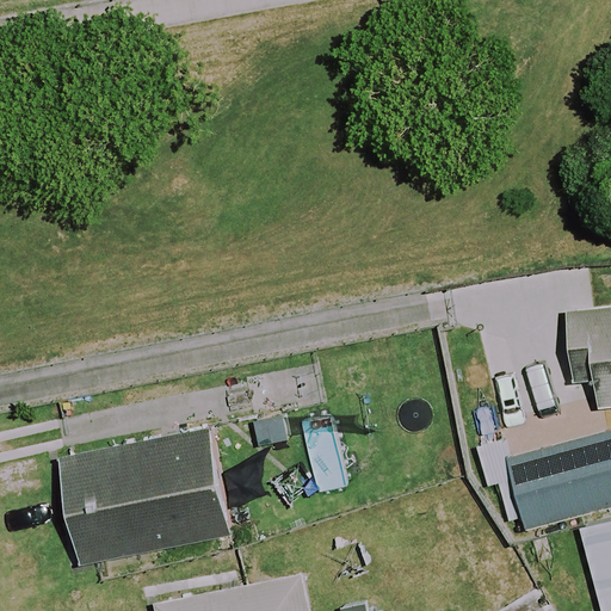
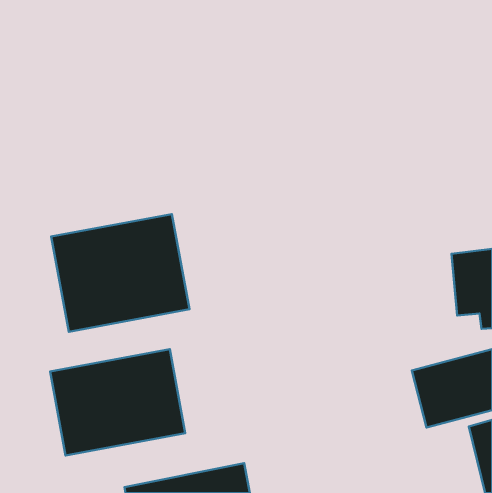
building: none -> [51,214,190,332]

